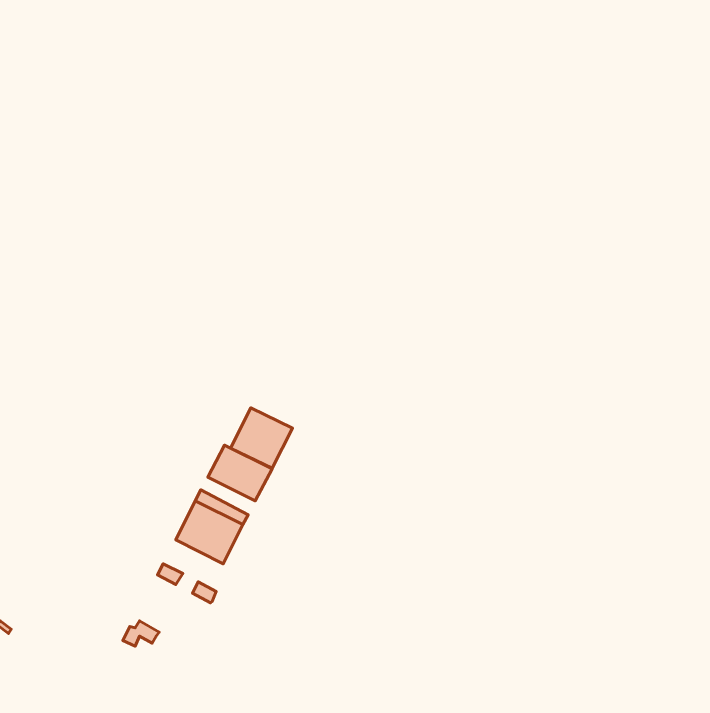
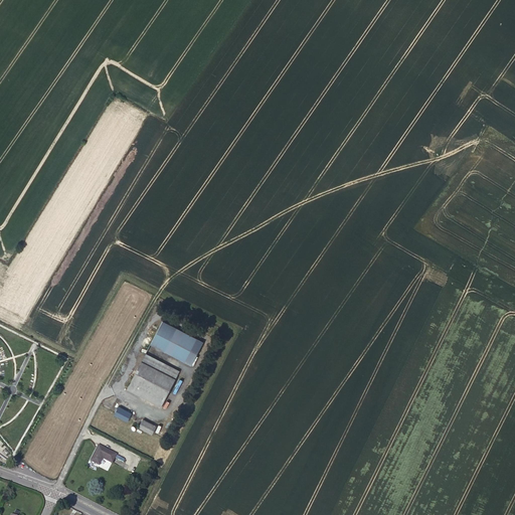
building: [231,408,292,468] -> none

